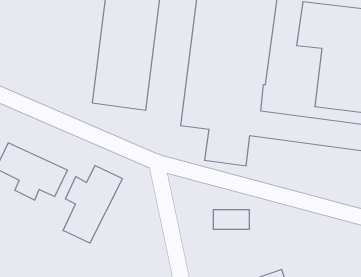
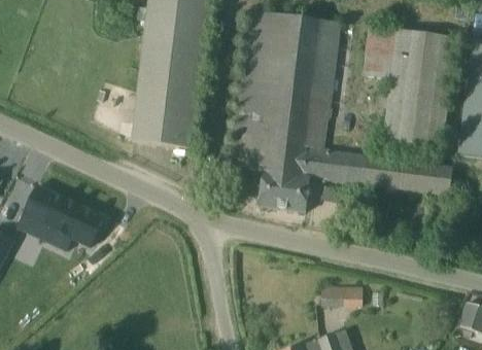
building: [63,165,122,243] -> none
building: [213,210,250,229] -> [321,285,363,307]

